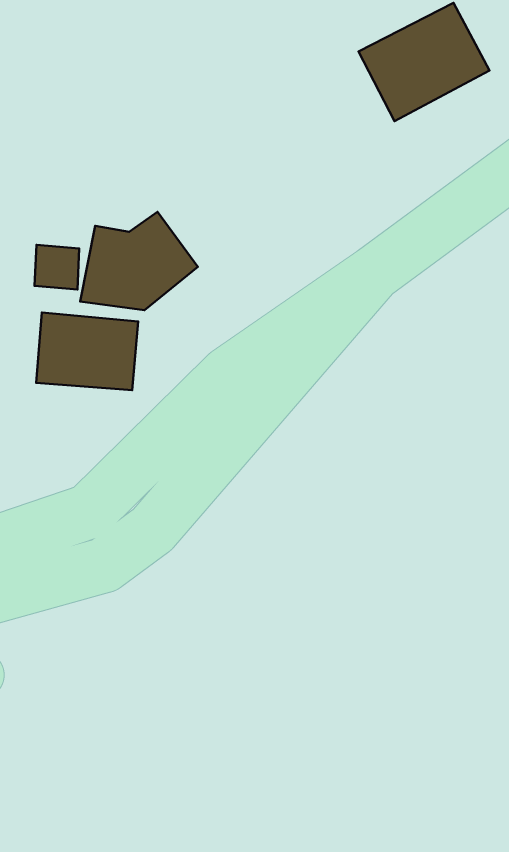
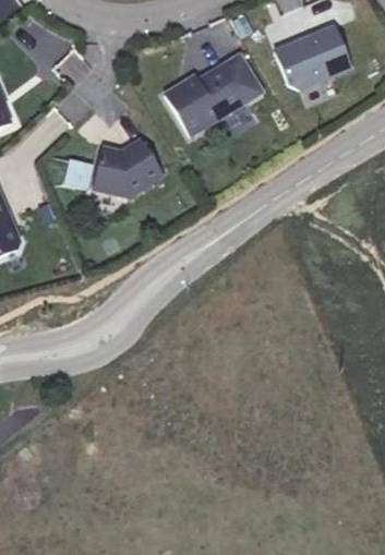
building: none -> [165,50,264,136]
building: [36,313,138,390] -> none

